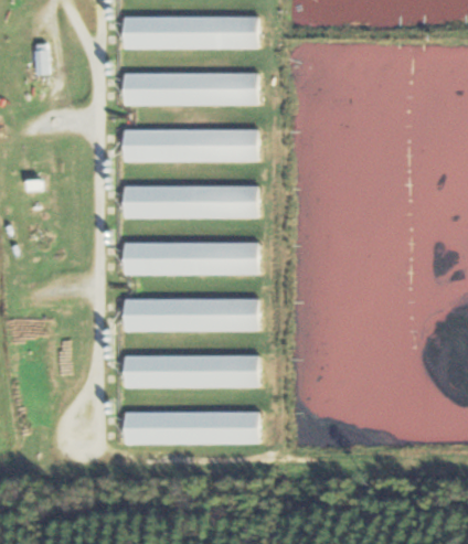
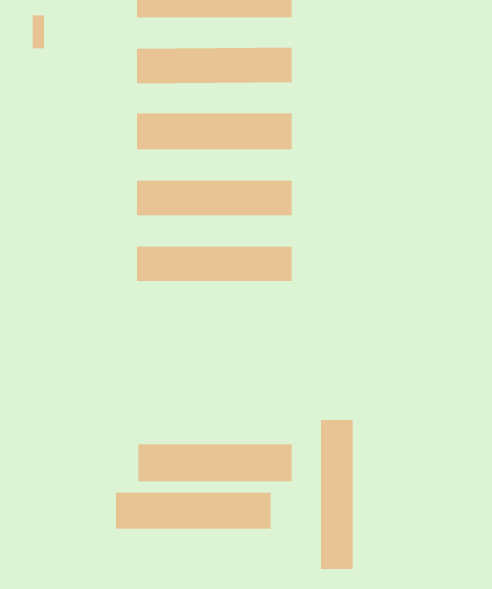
building: [124,298,257,331] -> none
building: [124,355,257,387] -> [115,492,271,529]
building: none -> [320,419,353,570]

